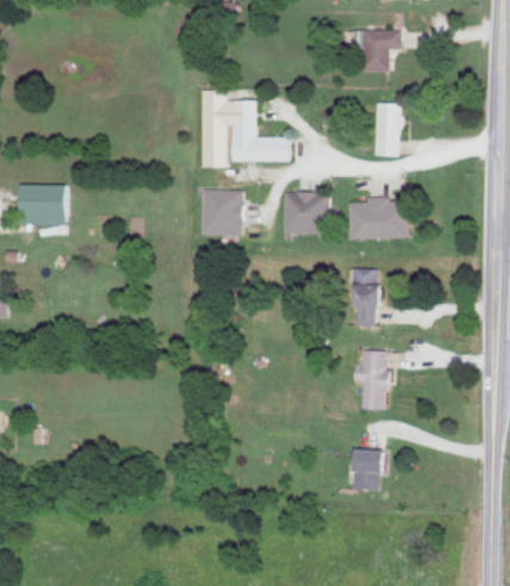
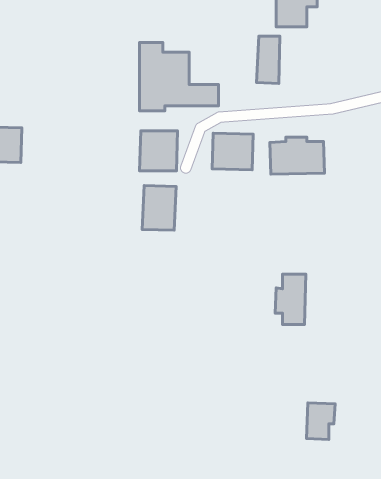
building: [374,104,400,157] -> [257,36,280,84]
building: none -> [142,186,176,230]
building: [355,269,382,326] -> none
building: [355,450,387,492] -> [307,403,335,440]

